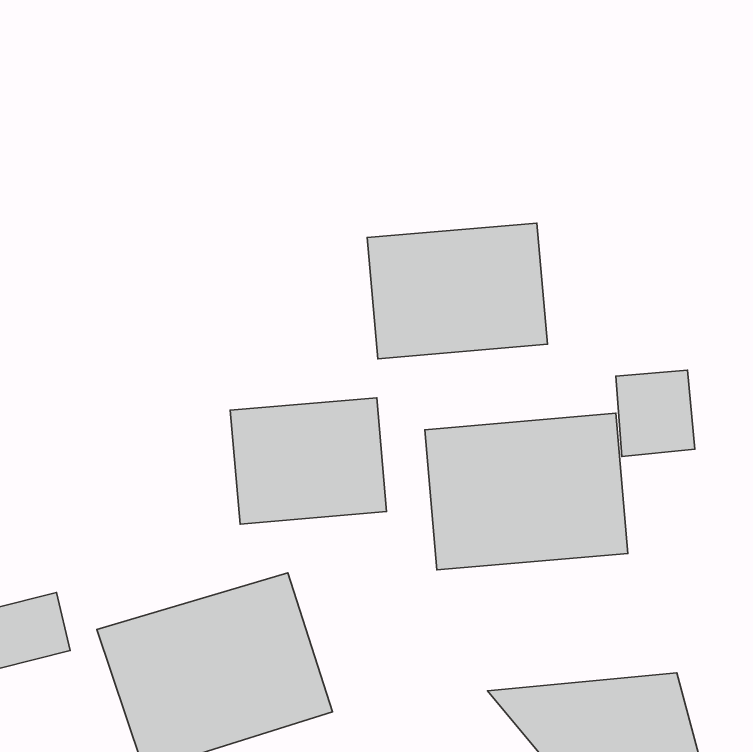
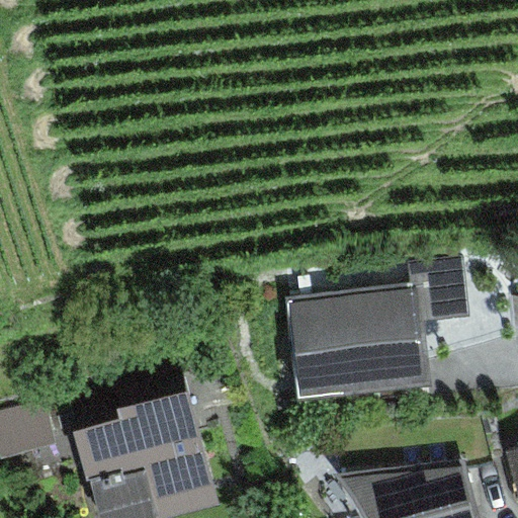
building: [367,223,547,359] -> none
building: [230,398,387,524] -> none

